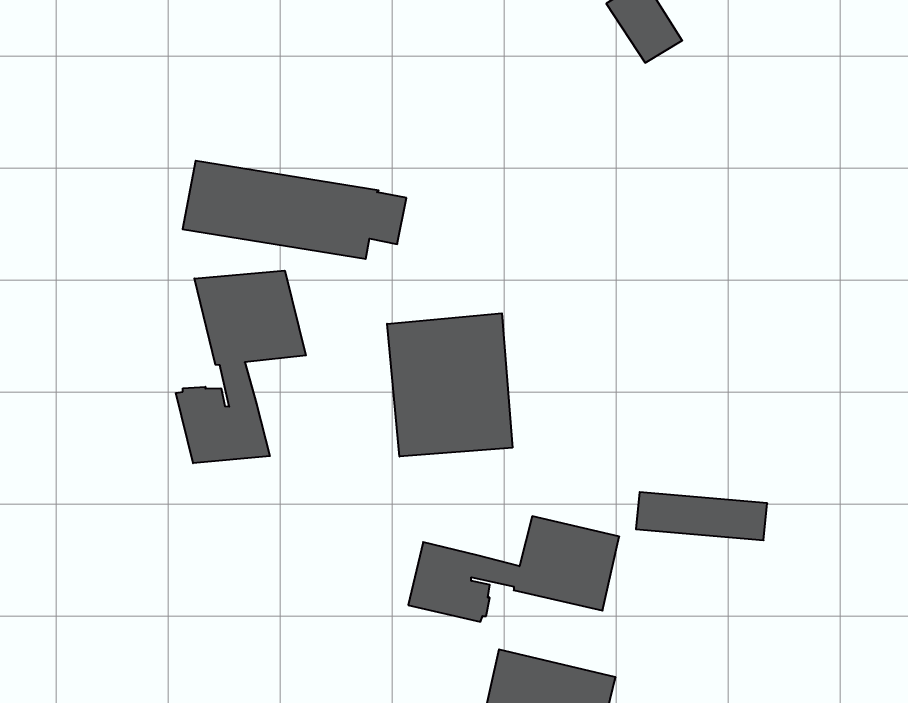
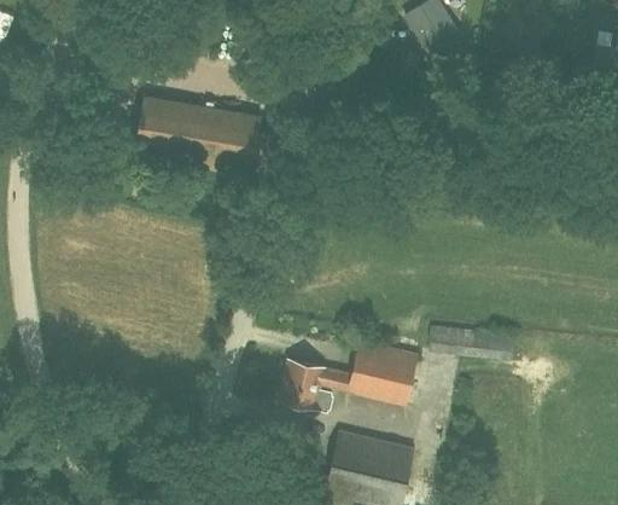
building: [176,271,306,463] -> none
building: [387,313,512,457] -> none

